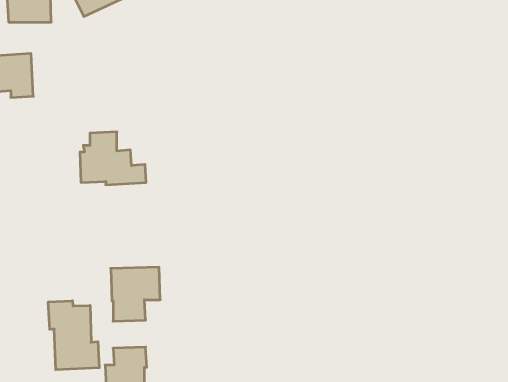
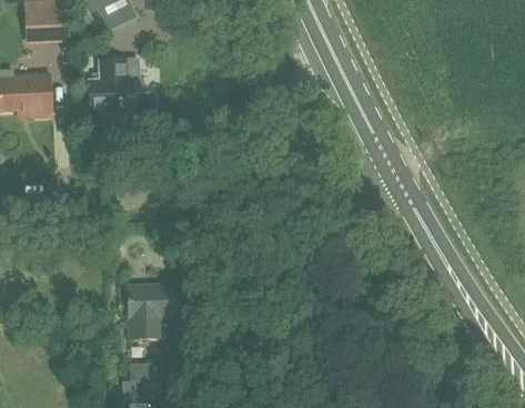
building: [80,132,146,185] -> [89,59,154,111]
building: [48,301,99,370] -> none

